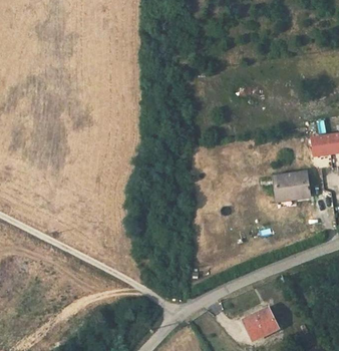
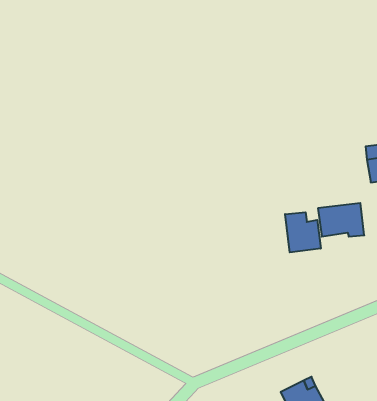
building: none -> [285,212,321,252]

